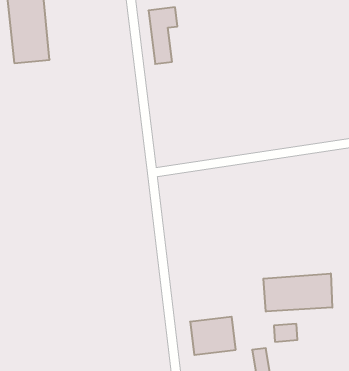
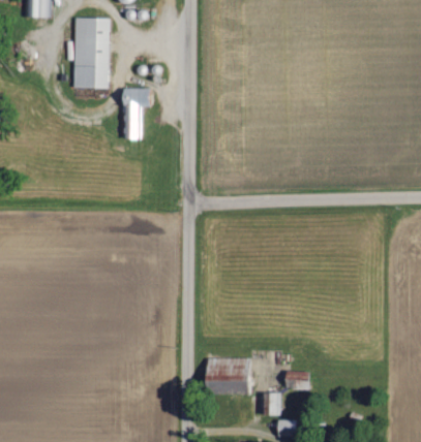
building: [148,7,177,64] -> [123,89,149,140]
building: [263,273,332,312] -> none

